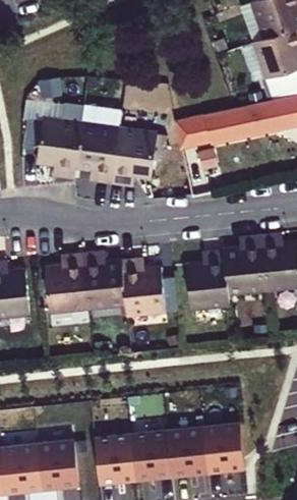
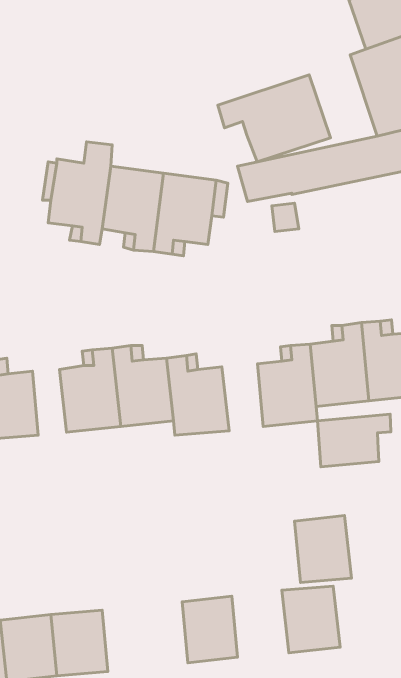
building: none -> [218,75,330,162]
building: none -> [317,414,391,467]
building: [167,427,207,475] -> [295,516,352,582]
building: [94,435,135,483] -> none

